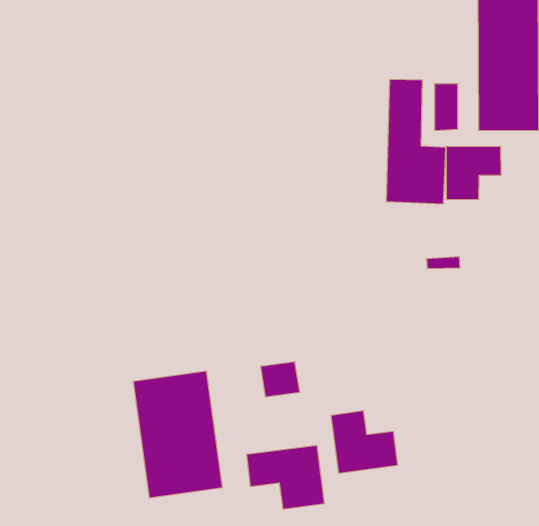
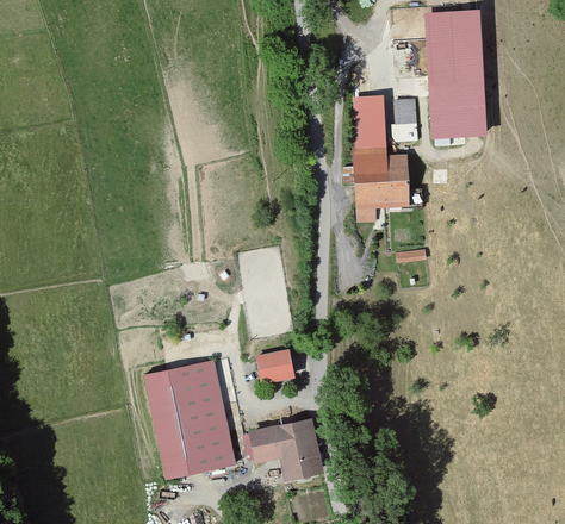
building: [447,146,501,200] -> none
building: [331,410,397,473] -> none

